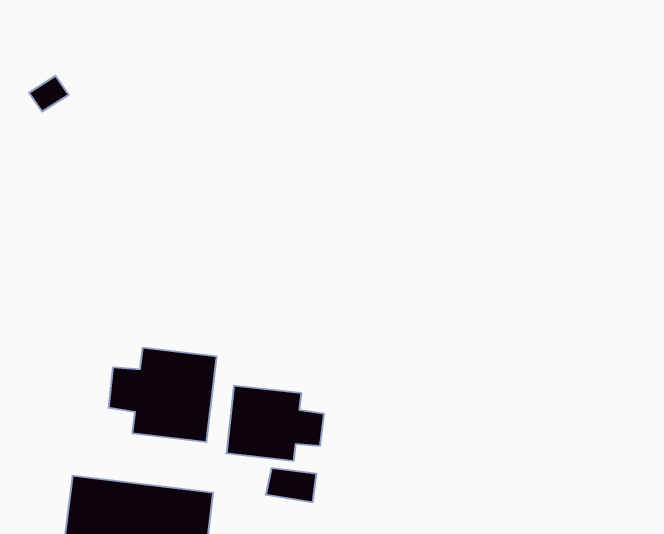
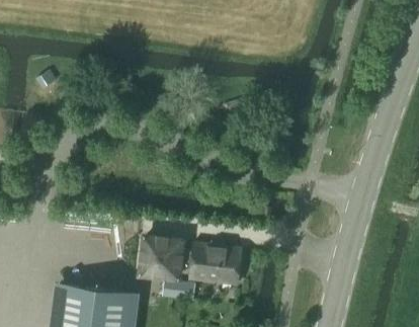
building: [109,348,216,442] -> none
building: none -> [192,243,244,285]

